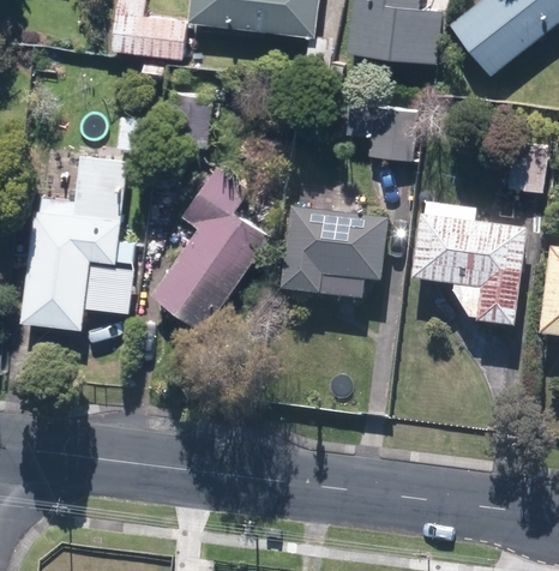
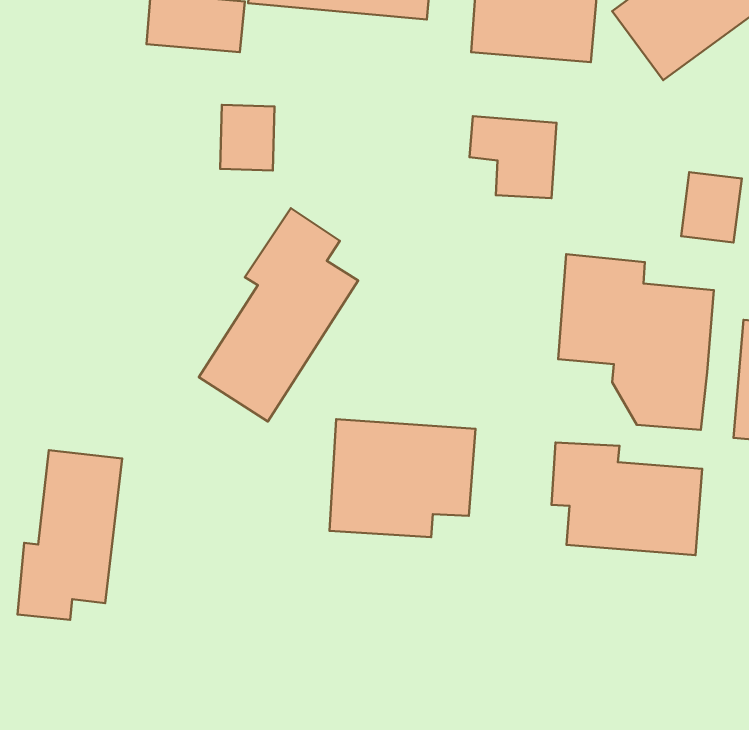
building: [19,151,134,324] -> none
building: [280,211,386,297] -> [330,419,475,537]
building: none -> [551,442,702,555]
building: none -> [17,450,122,620]

